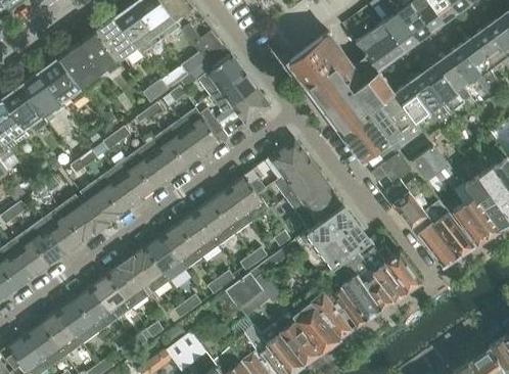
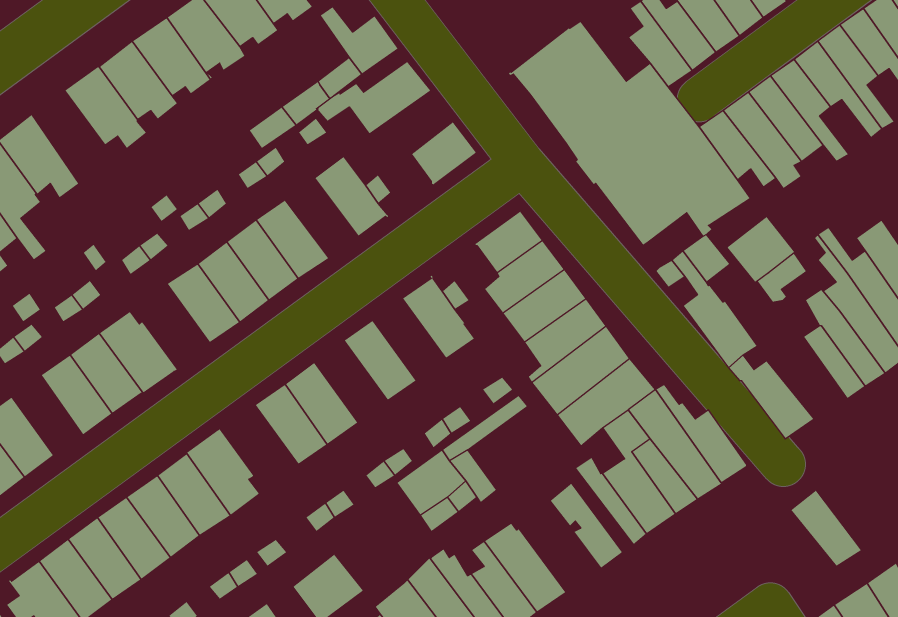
building: [20,72,64,137] -> none
building: [210,72,257,114] -> none
building: [163,121,203,166] -> none
building: [80,180,121,228] -> none
building: [212,188,252,234] -> none
building: [179,212,220,258] -> none
building: [432,213,473,255] -> [789,490,862,567]
building: [9,231,49,276] -> none
building: [126,247,170,294] -> none
building: [293,301,339,353] -> none

